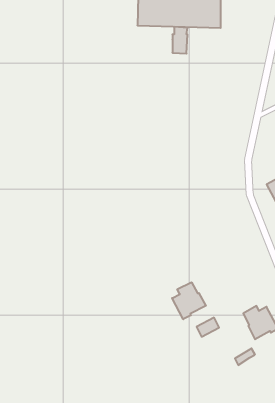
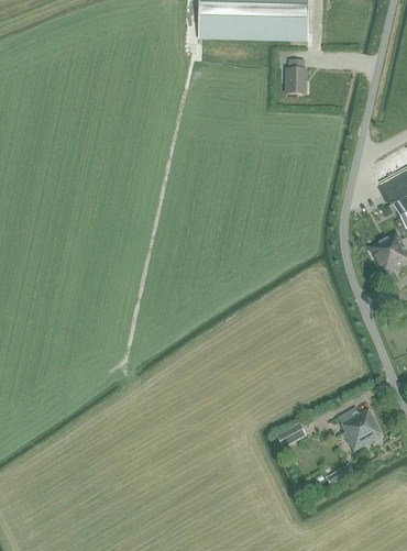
building: [172,27,187,54] -> [285,59,305,95]
building: [172,282,206,319] -> none

